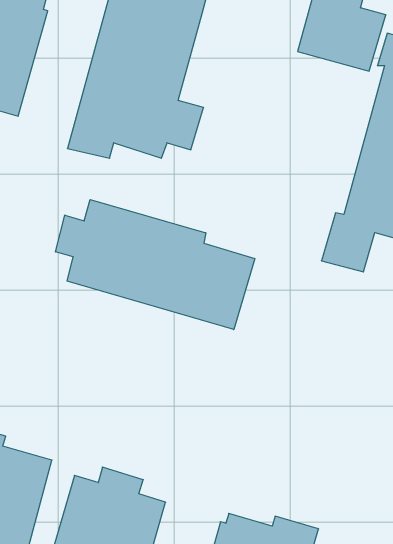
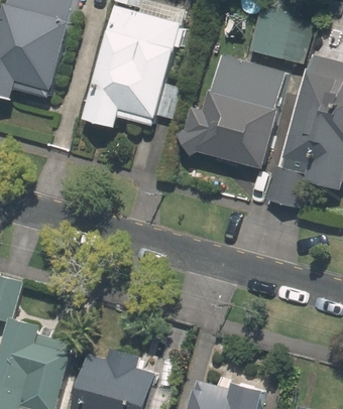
building: none -> [179,56,289,168]
building: [55,200,255,330] -> none

